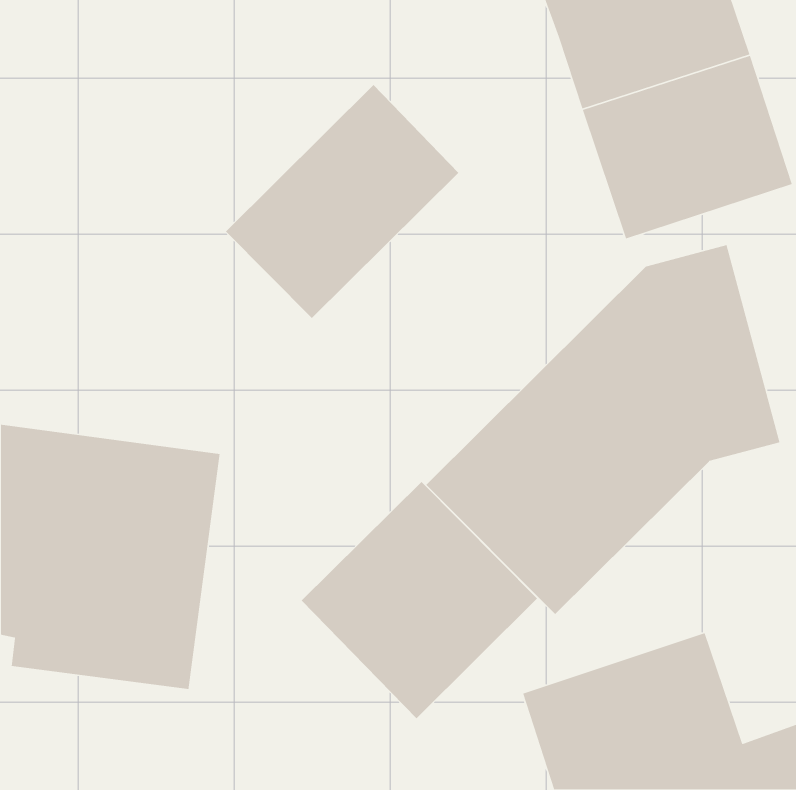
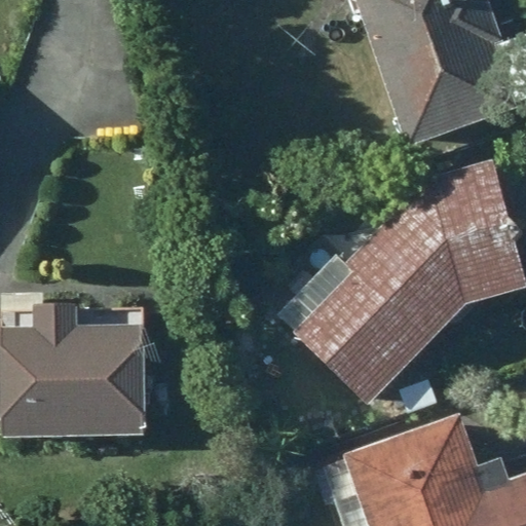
building: [225,84,459,319] -> none
building: [301,481,538,719] -> none

